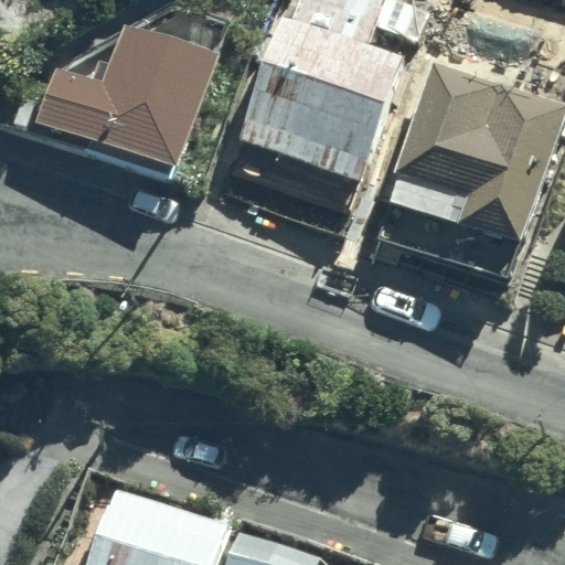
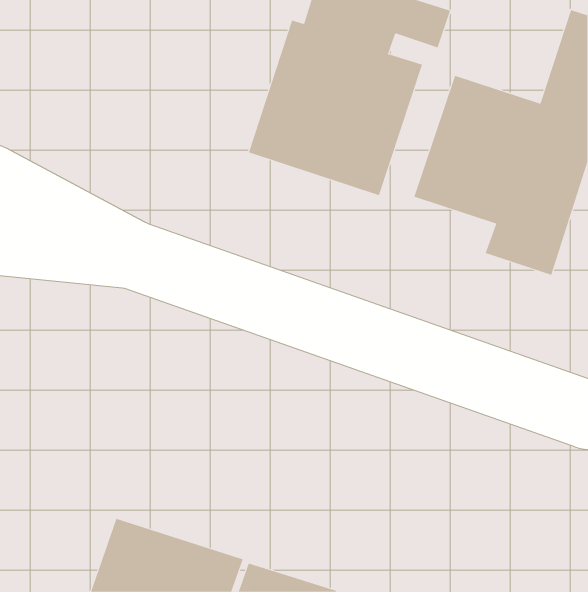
building: [32,25,218,181] -> none

